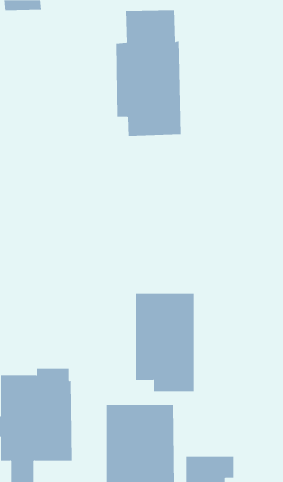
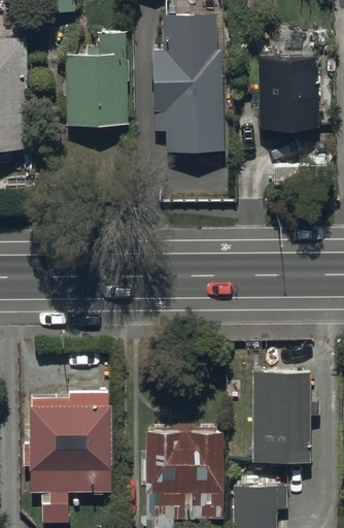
building: none -> [66,33,127,126]
building: none -> [256,57,316,127]
building: [135,293,194,392] -> [250,365,314,471]

